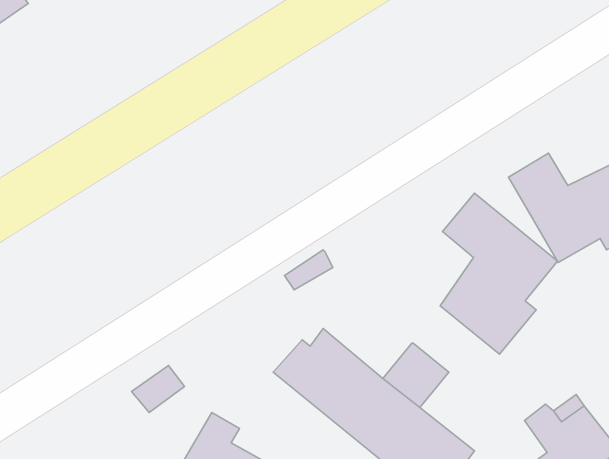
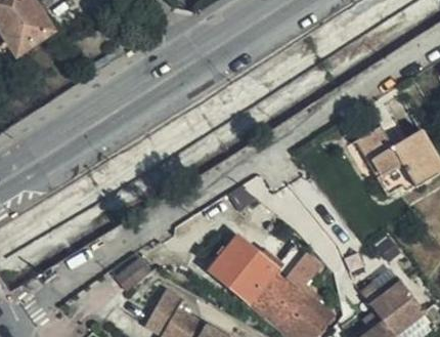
building: [440,193,557,354] -> none

